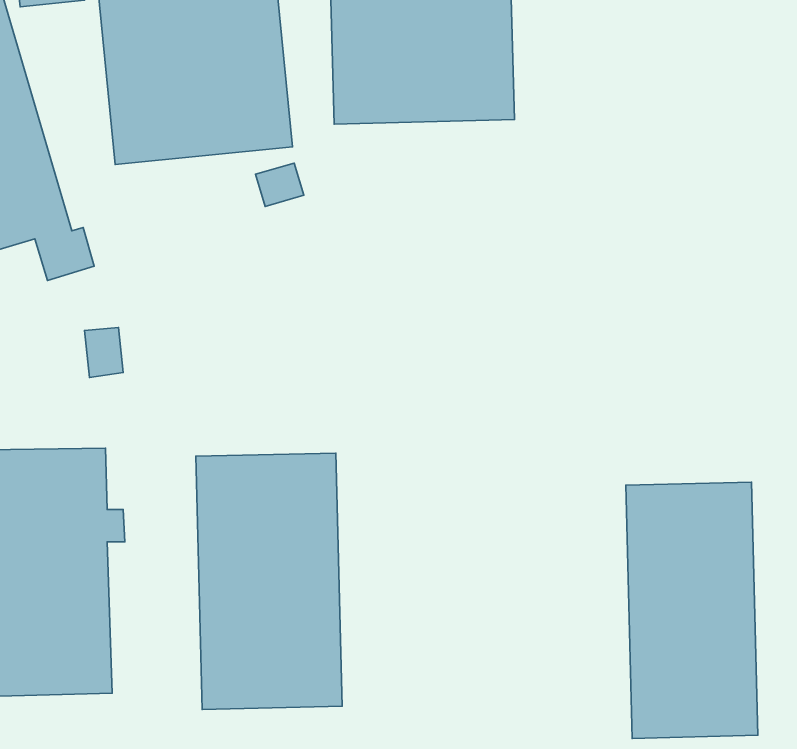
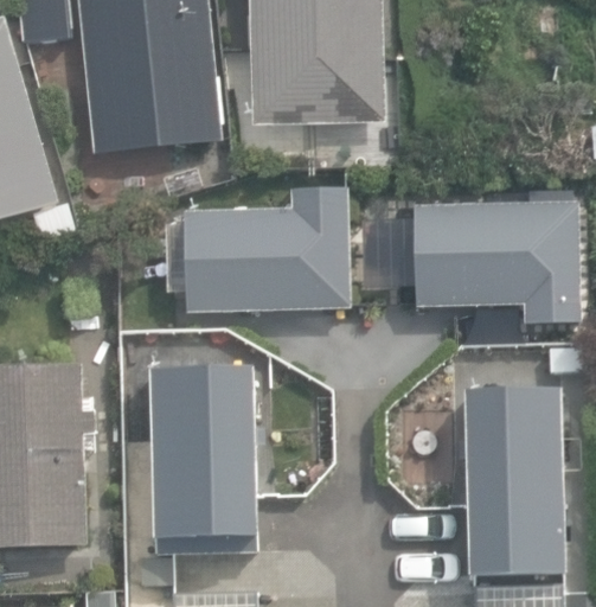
building: none -> [164,186,350,311]
building: none -> [415,202,582,324]

